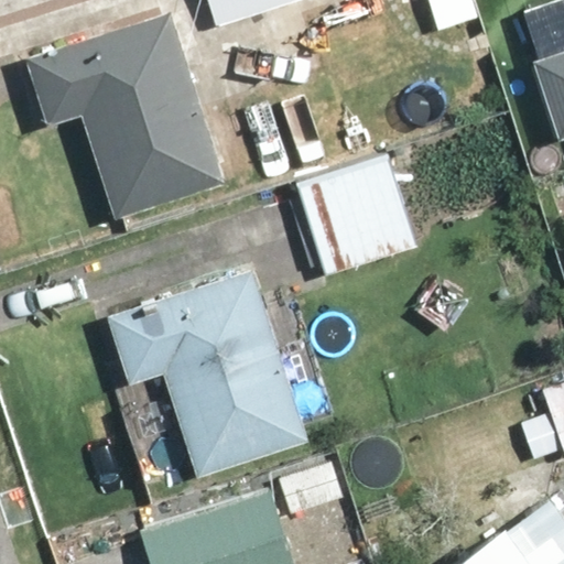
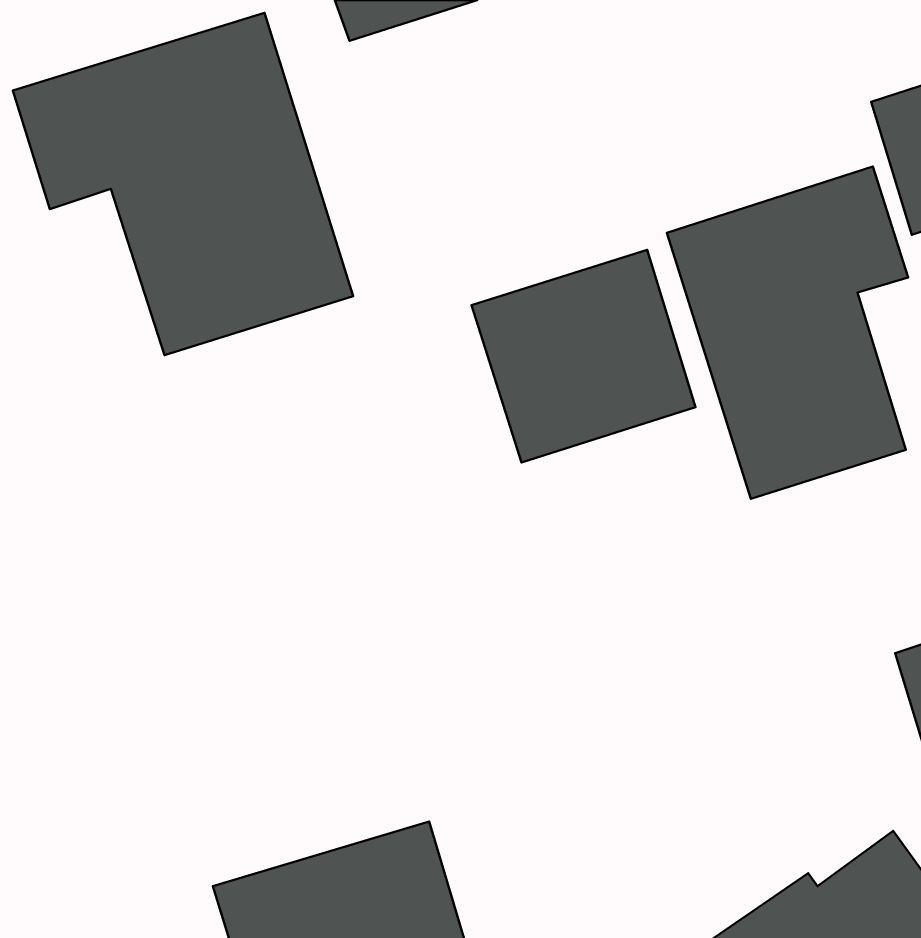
building: none -> [667,166,908,499]
building: [105,270,306,477] -> none

